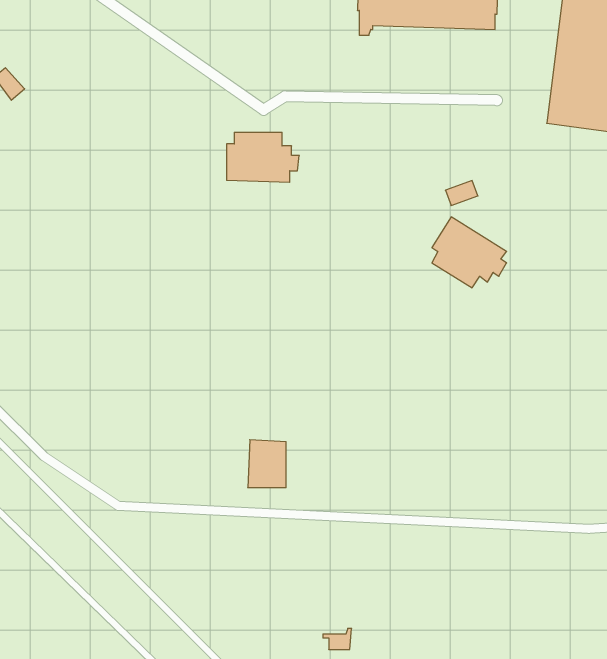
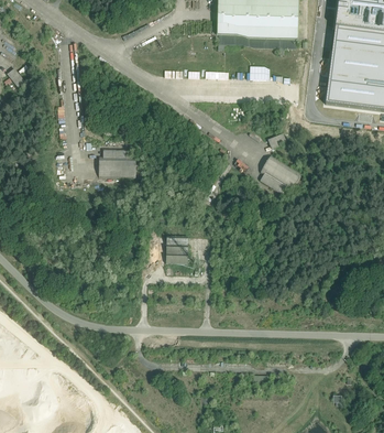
building: [227,132,299,182] -> [99,151,141,180]
building: [248,440,286,488] -> [166,238,188,266]

